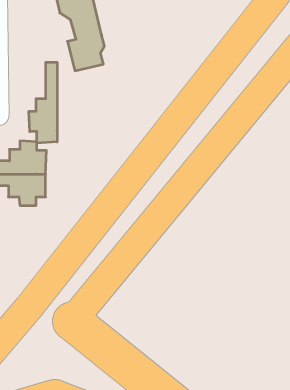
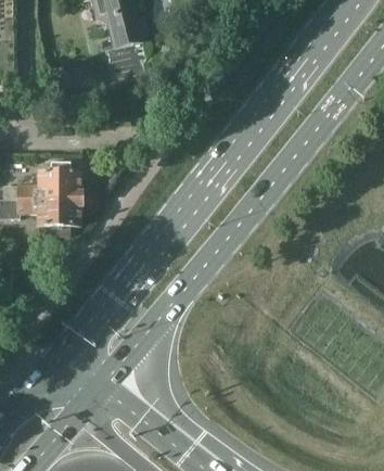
building: [29,62,57,143] -> none

